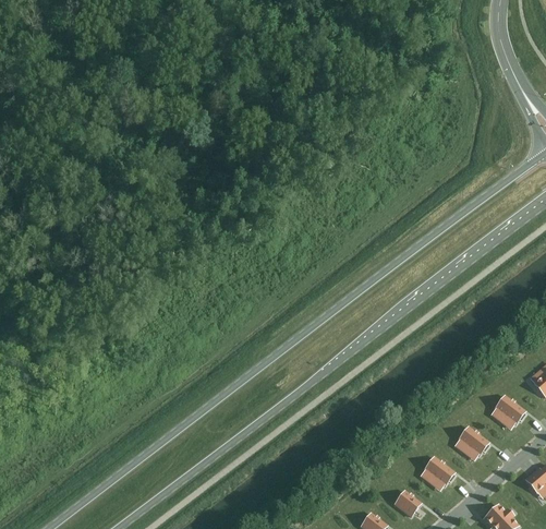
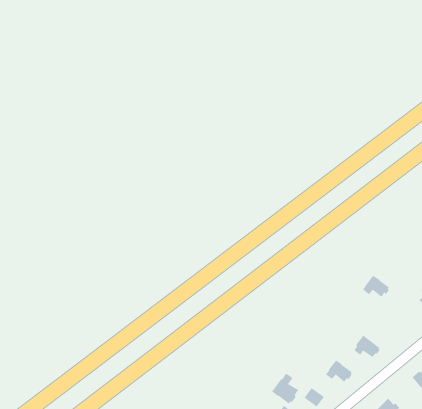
building: [492,396,525,424] -> [362,275,390,298]
building: none -> [271,372,299,404]

